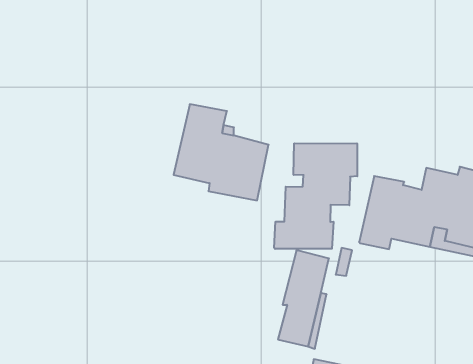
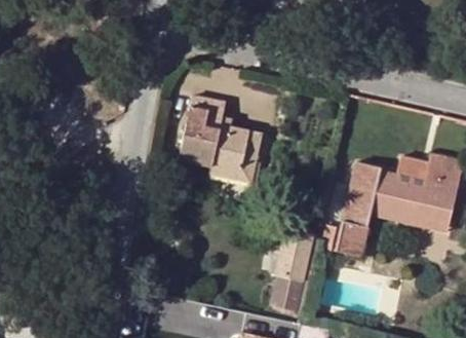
building: [274,143,357,249] -> none
building: none -> [335,221,367,257]

